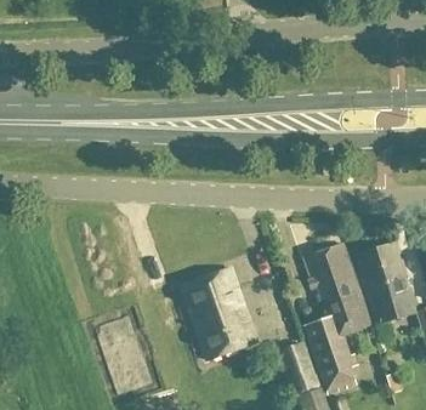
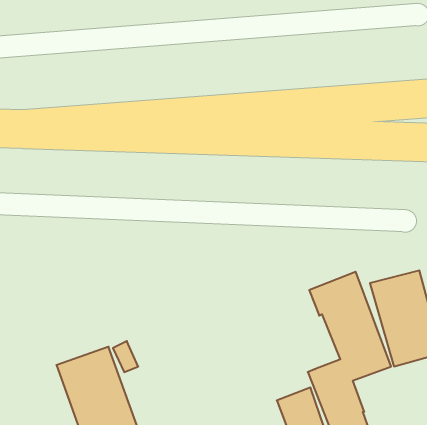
building: [182,267,257,359] -> none

